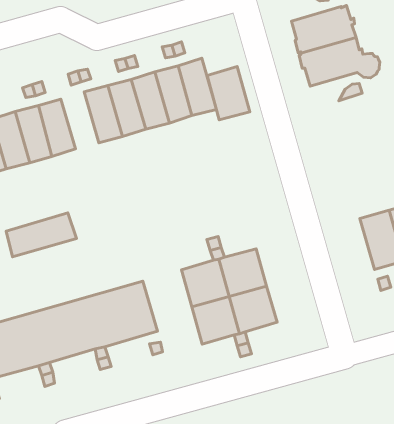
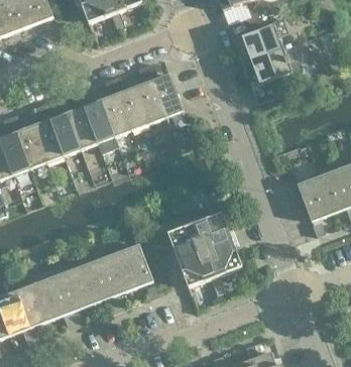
building: [207,67,250,120] -> none
building: none -> [67,105,98,148]
building: [6,213,76,257] -> none

